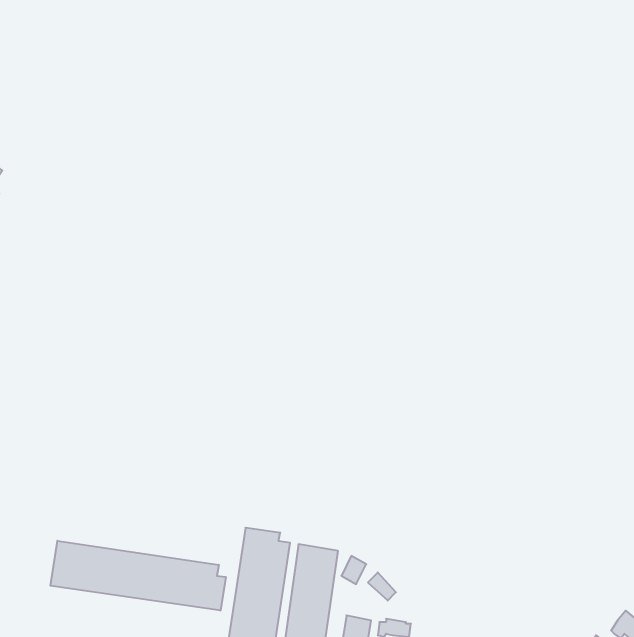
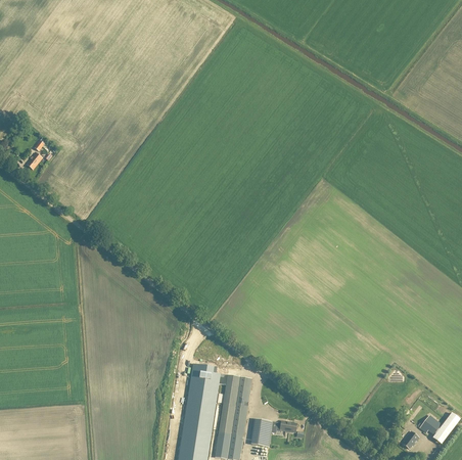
building: [50,541,226,611] -> none

